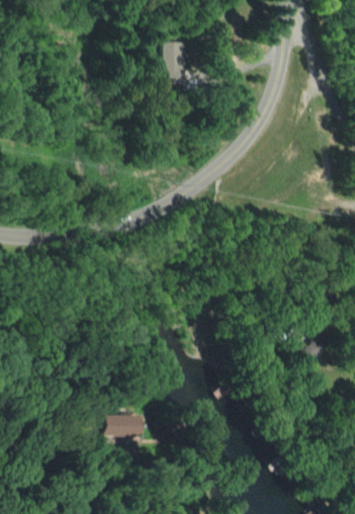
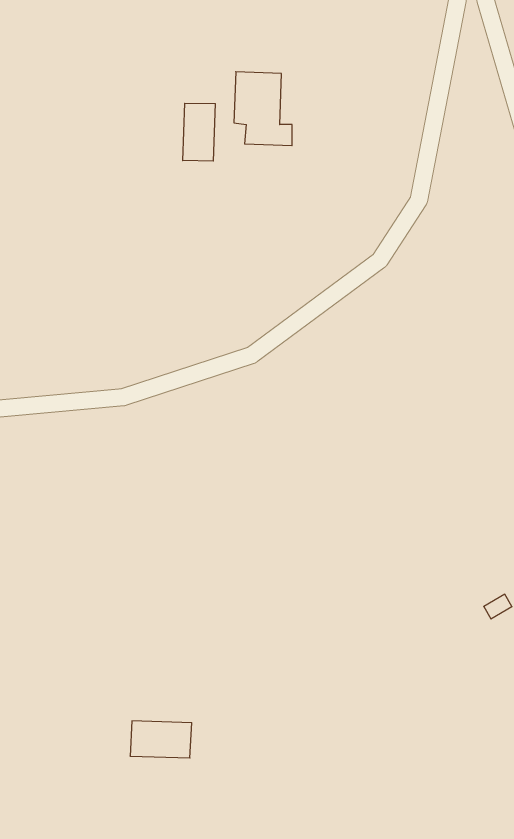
building: none -> [183,103,215,161]

